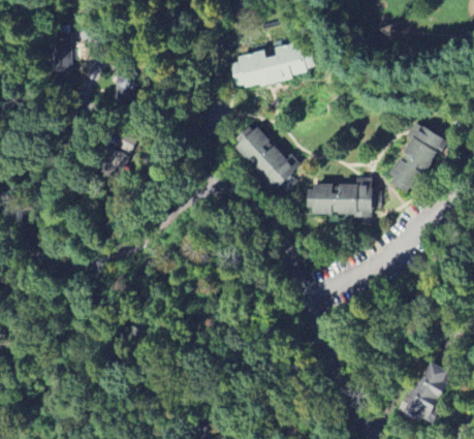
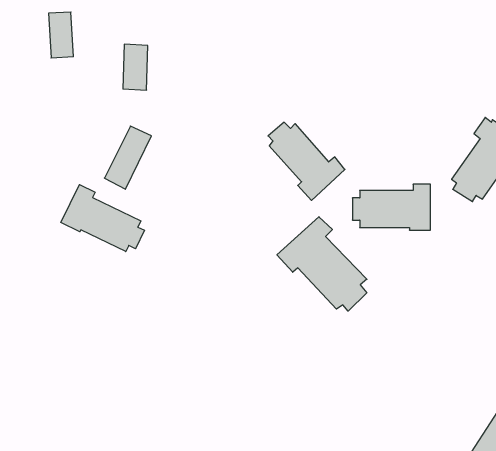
building: [230,40,316,88] -> none
building: none -> [61,185,145,252]
building: none -> [277,217,367,311]

